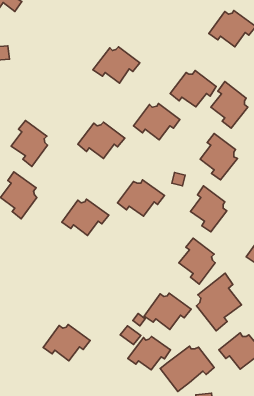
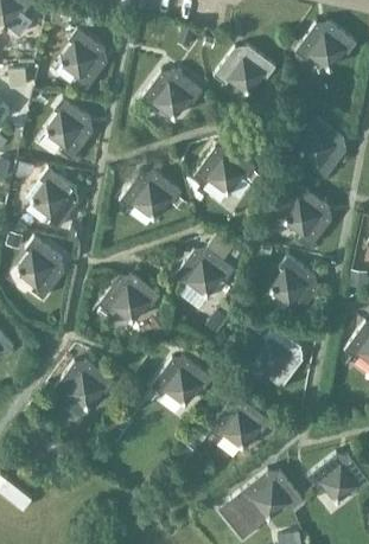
building: none -> [58,30,107,92]
building: none -> [44,100,93,161]
building: [170,71,216,107] -> [214,46,275,95]
building: none -> [151,357,212,407]
building: [197,273,242,331] -> none
building: [43,325,90,361] -> [52,361,115,410]
building: [128,336,171,370] -> none

